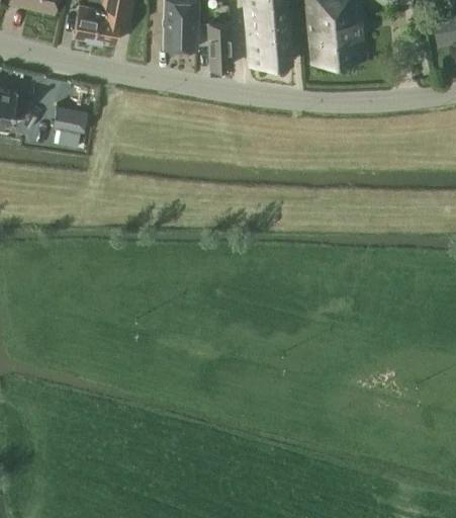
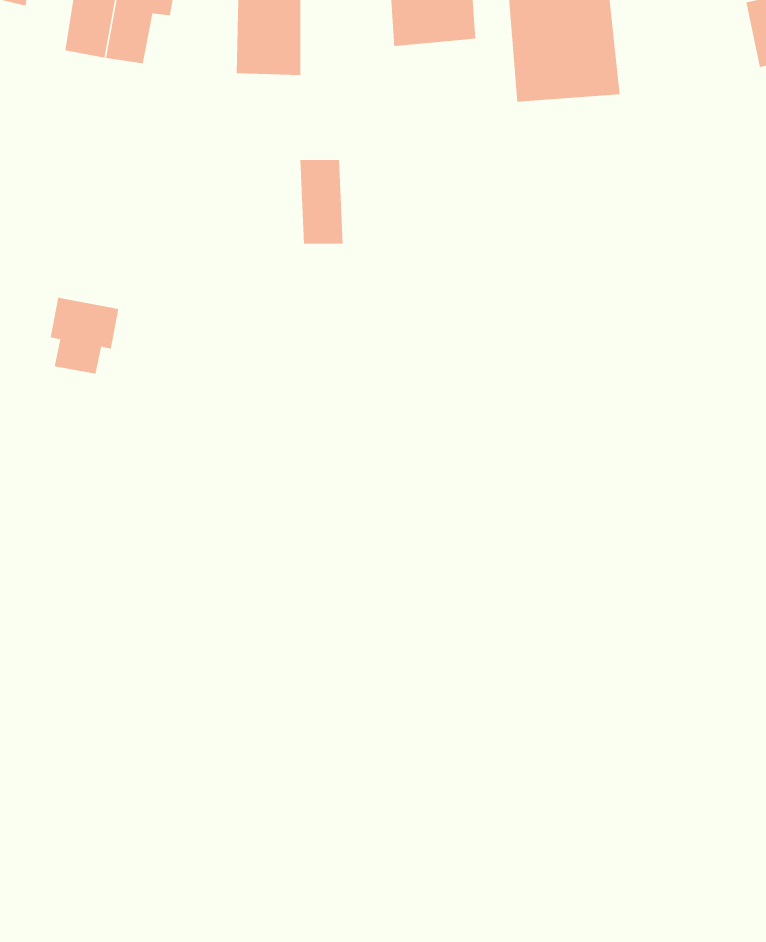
building: [208,22,232,67] -> [299,160,344,244]
building: [247,29,293,65] -> none
building: [53,104,89,145] -> [50,297,119,374]

